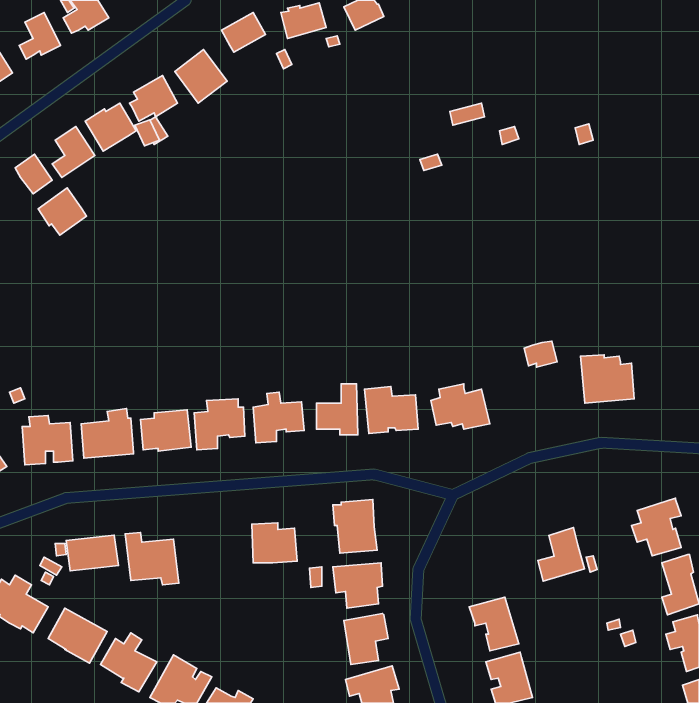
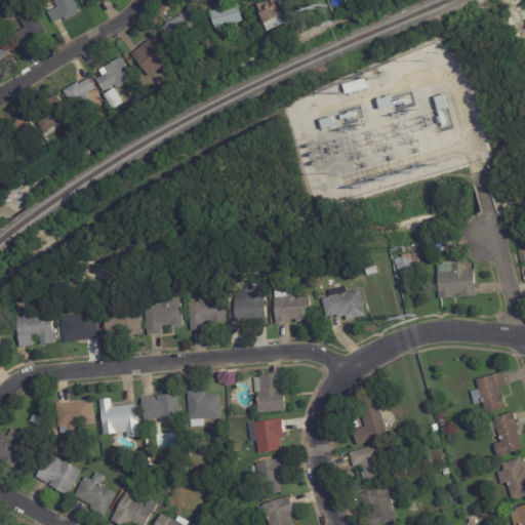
building: [38,188,86,235] -> none
building: none -> [135,391,175,420]
building: [538,527,585,581] -> [353,405,388,445]

